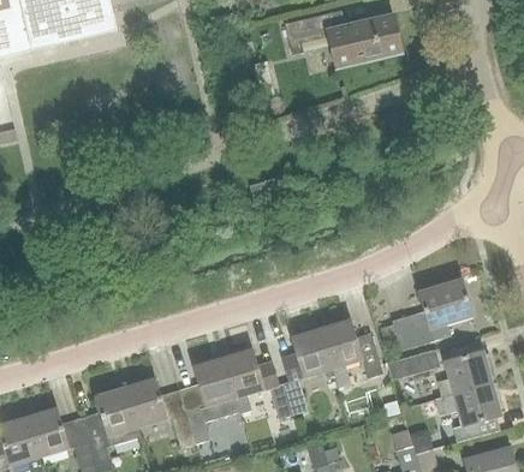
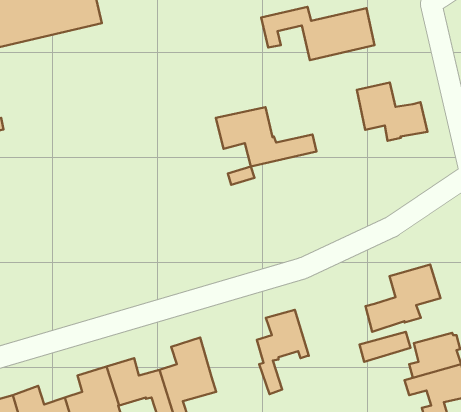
building: none -> [357,82,427,141]
building: none -> [216,107,316,166]
building: [320,317,380,383] -> none
building: [221,347,293,419] -> none

